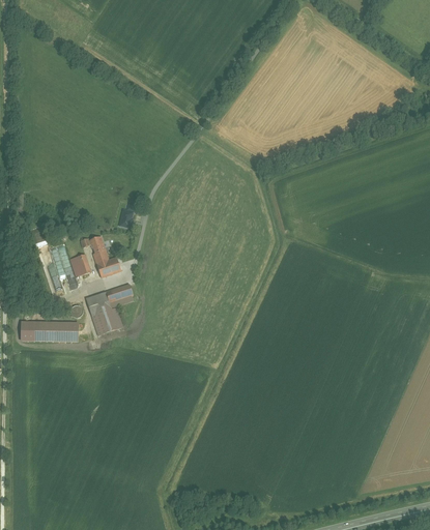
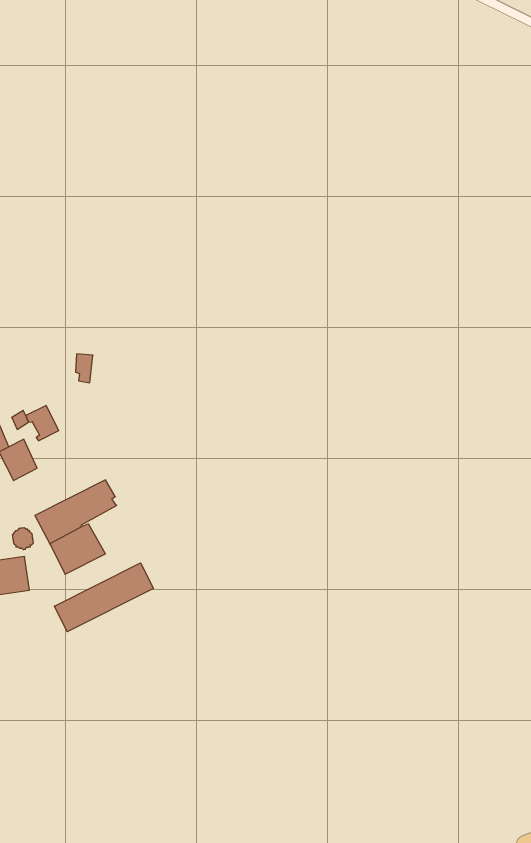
building: [93,252,120,276] -> none
building: none -> [54,563,153,632]

